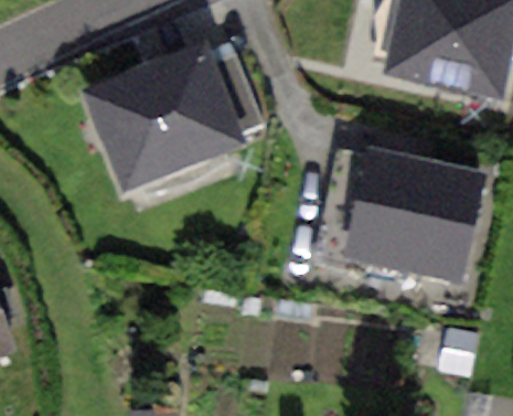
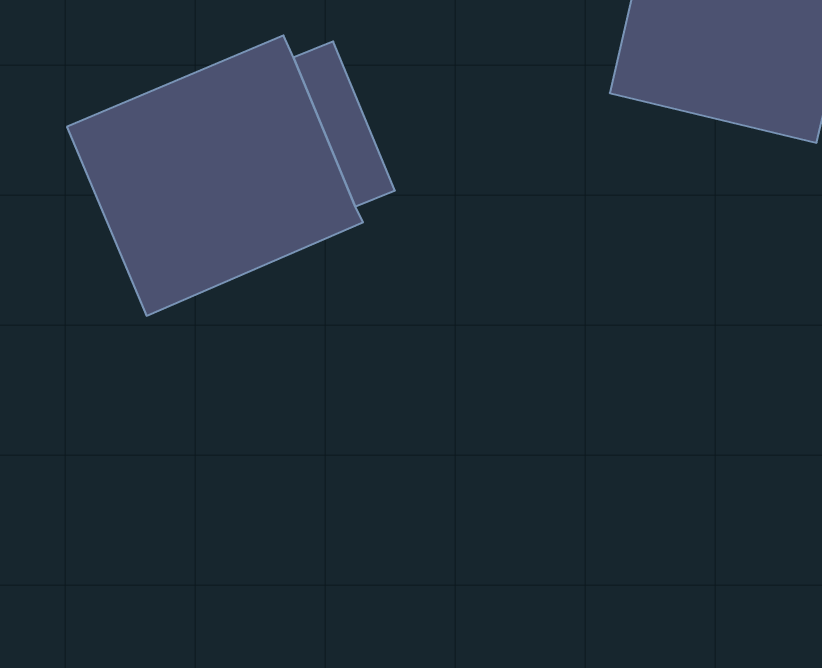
building: [342,149,483,281] -> none

